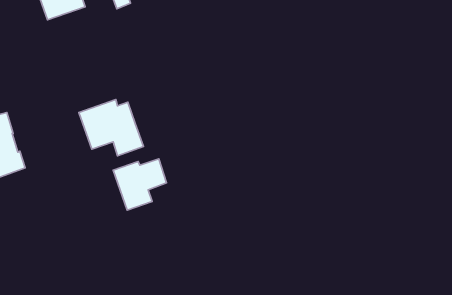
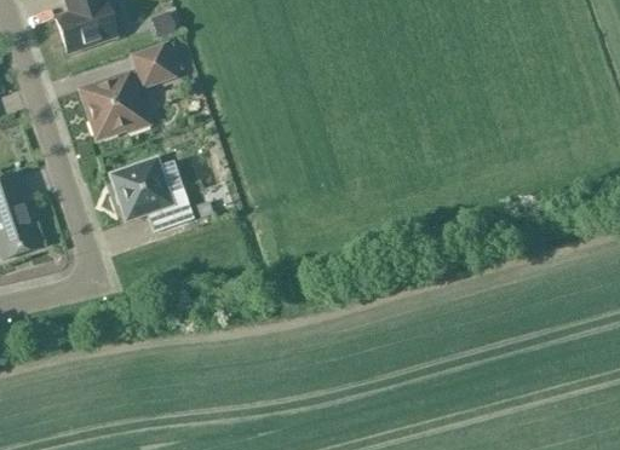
building: none -> [81,44,173,137]
building: [113,159,167,210] -> none

